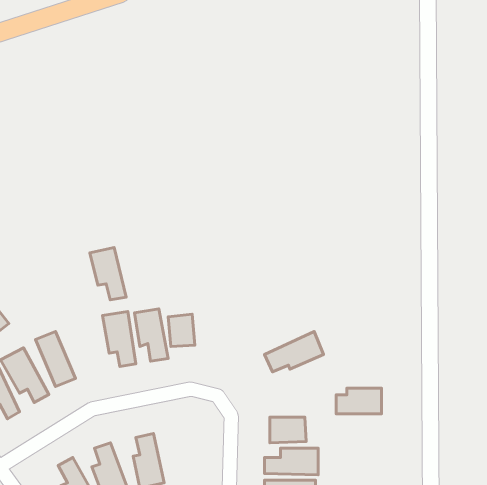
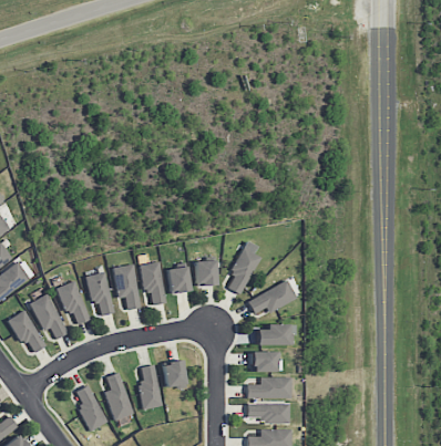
building: [90,248,126,300] -> [85,271,115,314]
building: none -> [228,240,260,293]
building: none -> [195,260,217,286]
building: [336,388,382,414] -> [257,323,295,344]
building: none -> [164,361,186,387]

